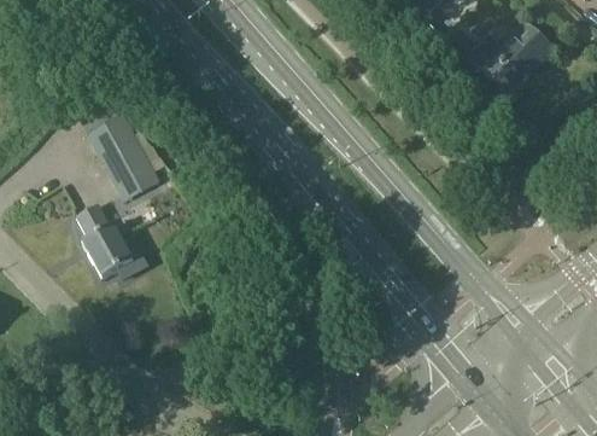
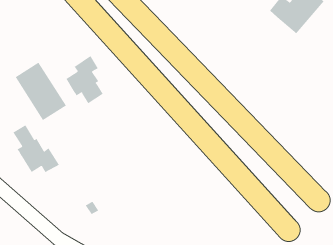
building: none -> [65,55,104,104]

